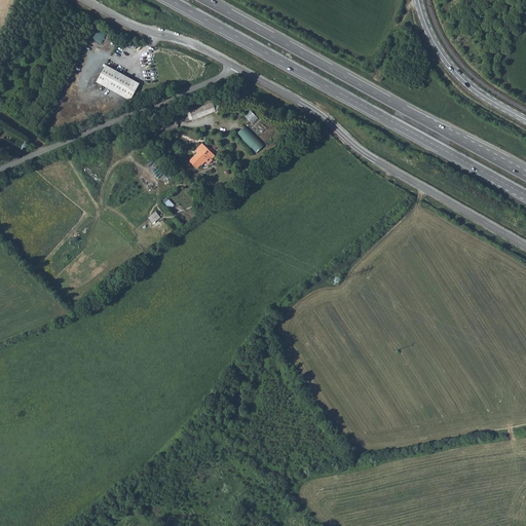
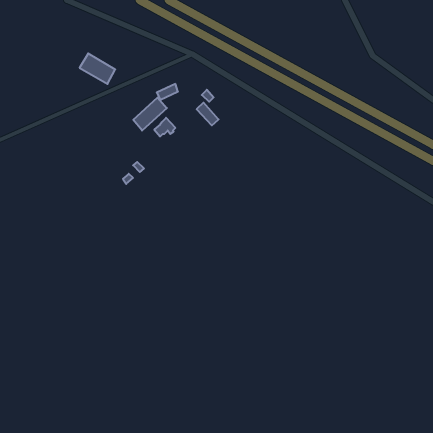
building: none -> [133,98,167,131]

